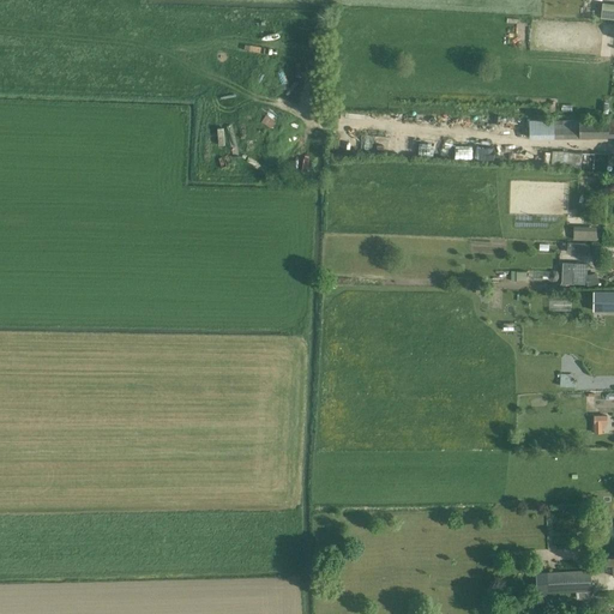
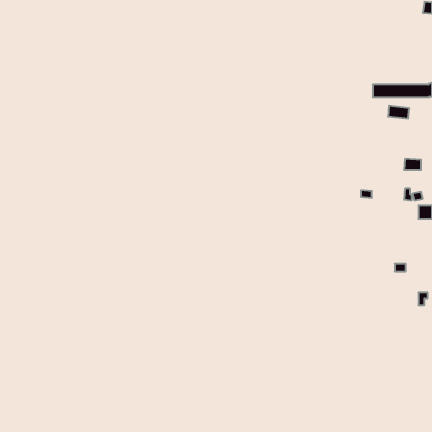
building: [547,570,591,600] -> none

